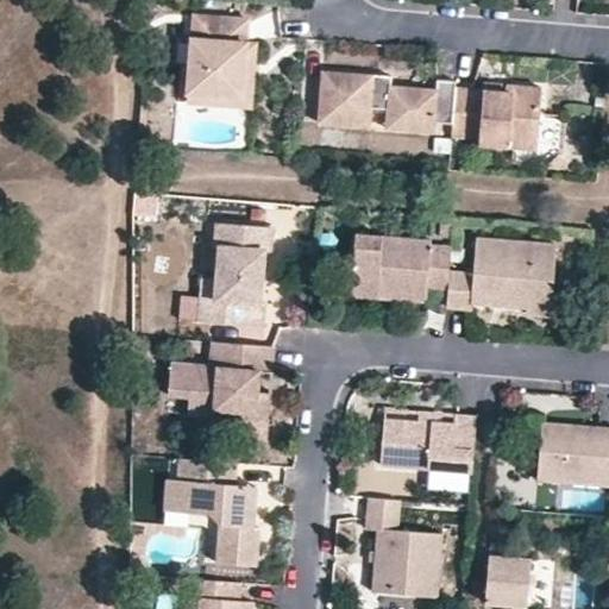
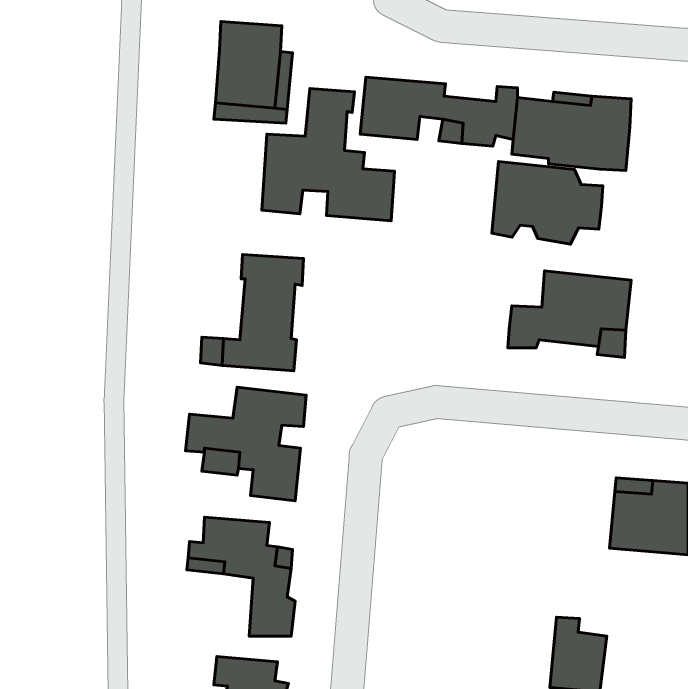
building: none -> [262,89,394,221]
building: [353,232,451,304] -> [492,161,603,244]
building: [379,412,475,471] -> none
building: [364,497,451,598] -> none

